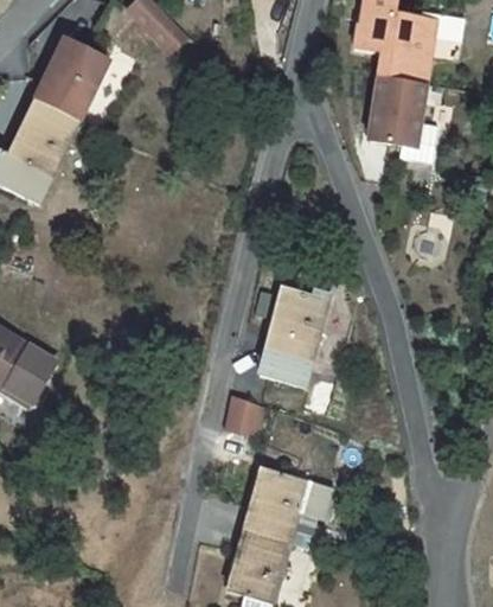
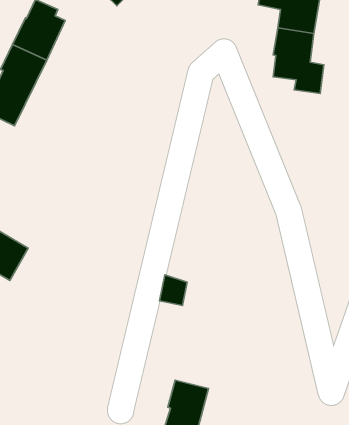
building: [260,286,331,385] -> none
building: [245,468,332,548] -> none

